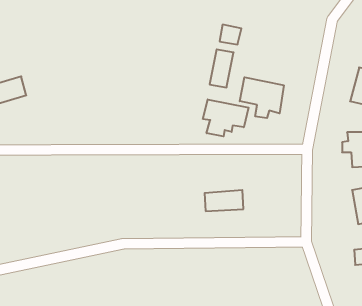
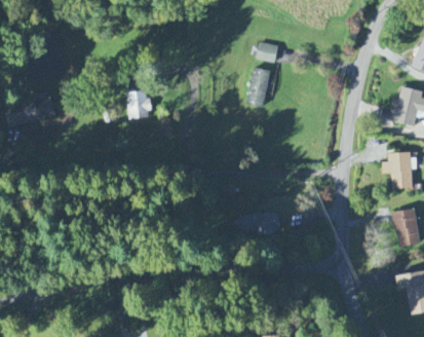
building: none -> [126,89,148,118]
building: [240,77,284,118] -> none
building: [203,99,249,136] -> none

